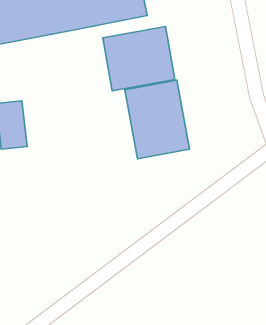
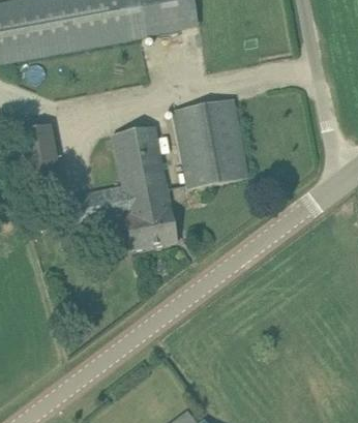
building: [103,26,175,91] -> none
building: none -> [68,126,177,250]

